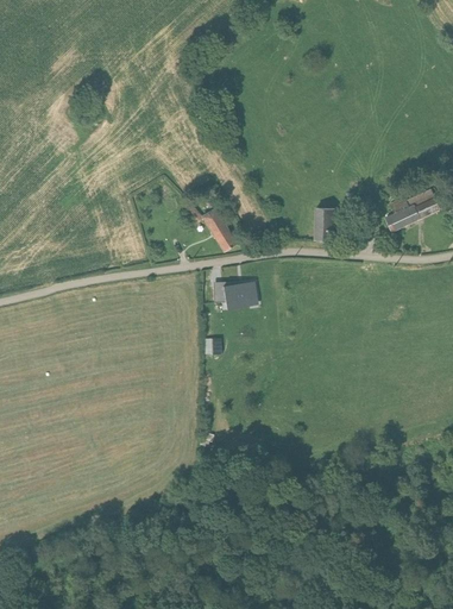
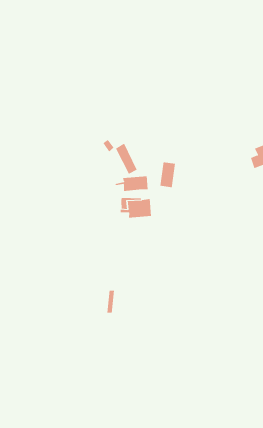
building: [316,206,336,240] -> [160,162,176,188]
building: none -> [115,175,148,192]

